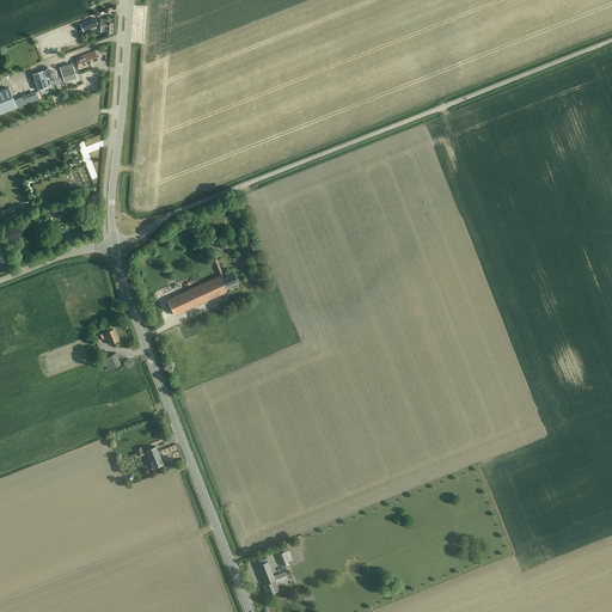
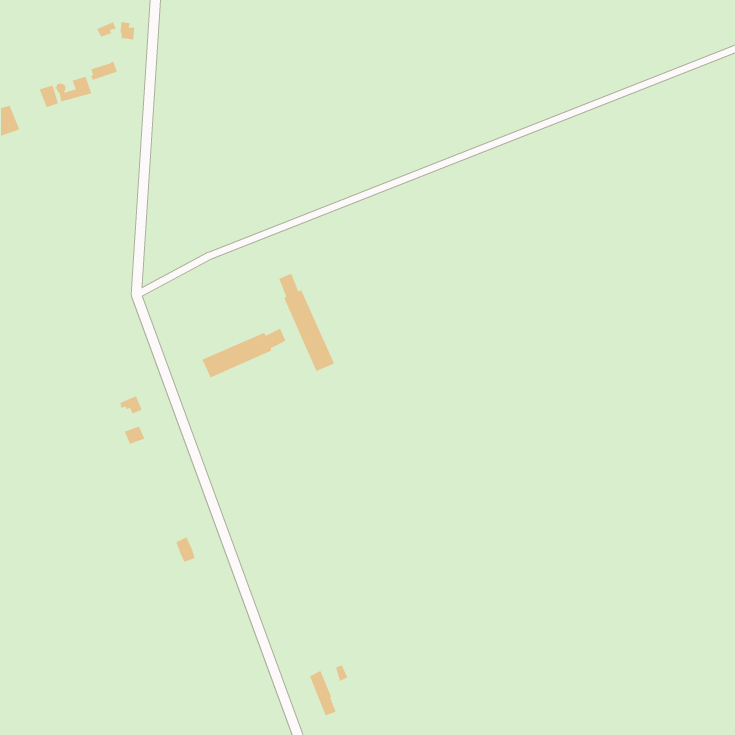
building: none -> [279,273,335,372]

